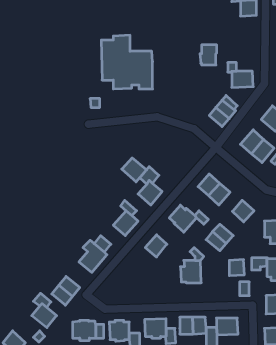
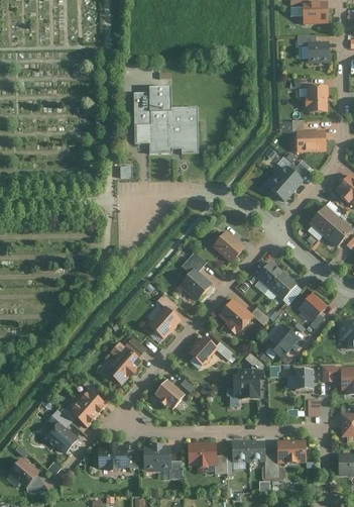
building: [200,45,217,65] -> [306,85,327,110]
building: [122,158,147,182] -> [212,232,243,263]
building: none -> [154,379,185,408]

